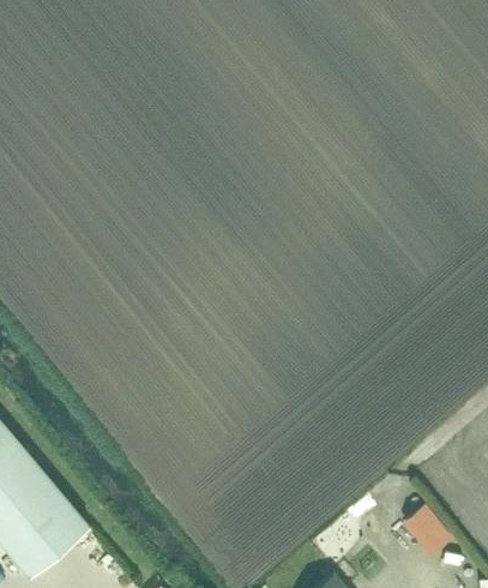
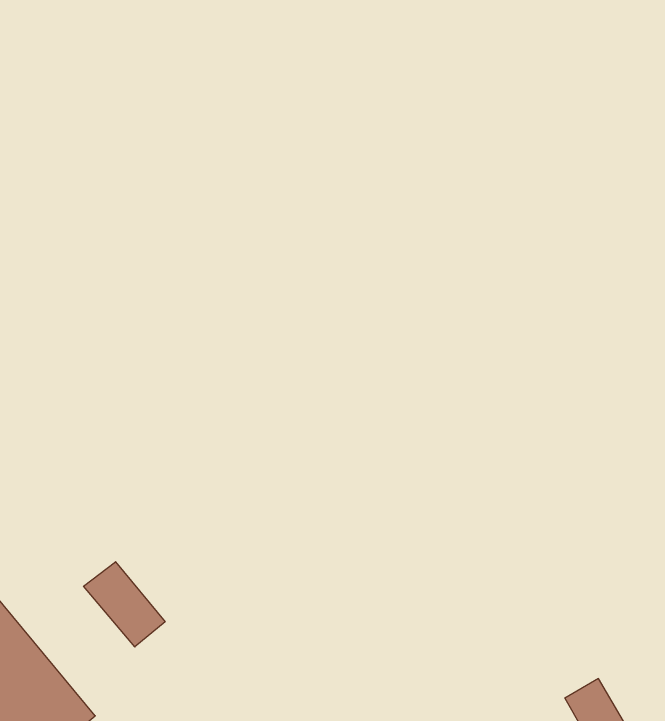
building: none -> [84,562,165,647]

